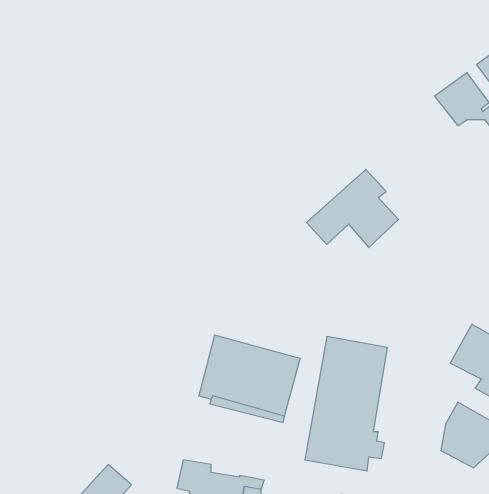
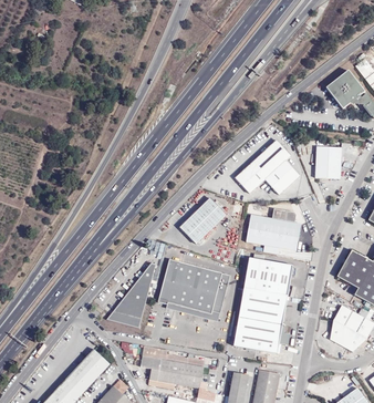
building: none -> [314,146,341,178]
building: none -> [178,197,226,245]
building: none -> [245,207,300,250]
building: none -> [105,261,155,326]

